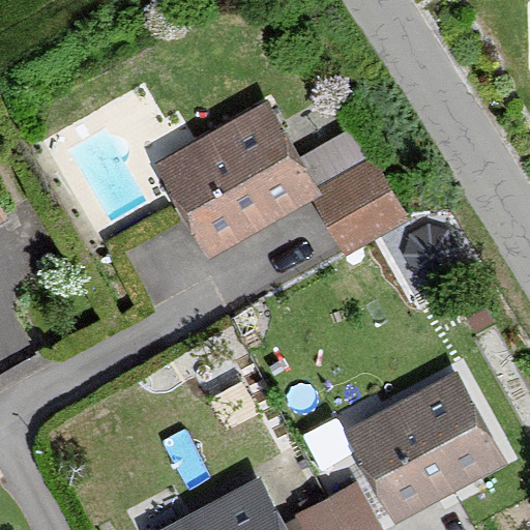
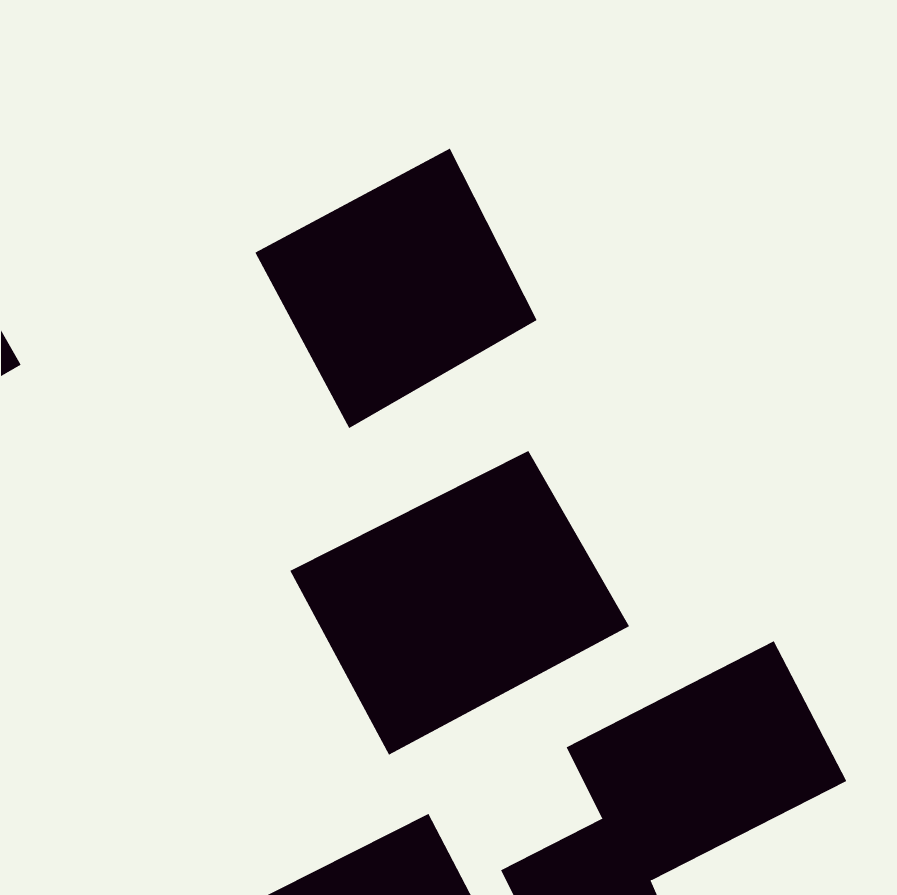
building: [320,164,408,249] -> none
building: none -> [289,450,630,756]

